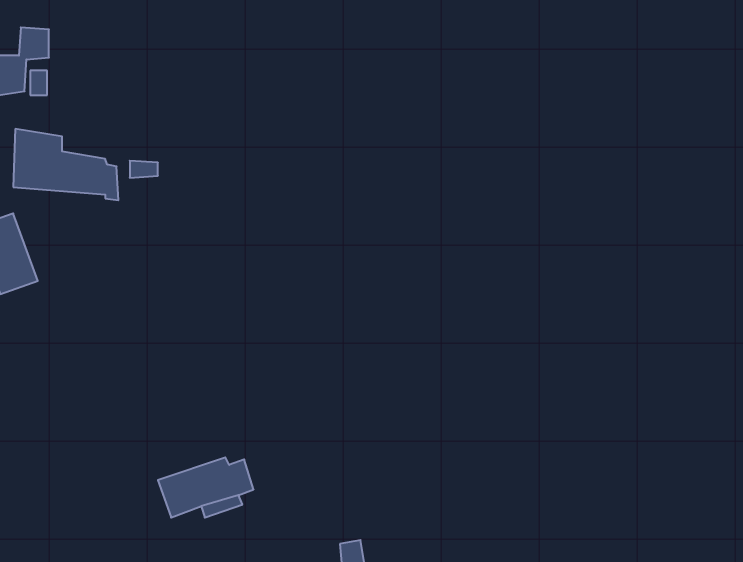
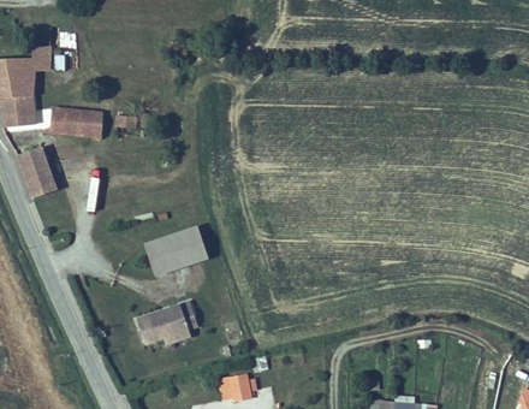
building: none -> [144,224,209,275]

